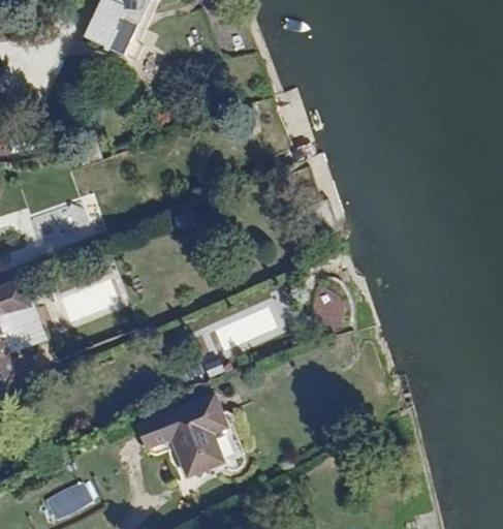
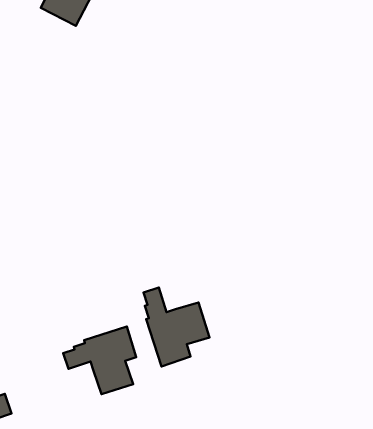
building: none -> [144,288,210,366]

